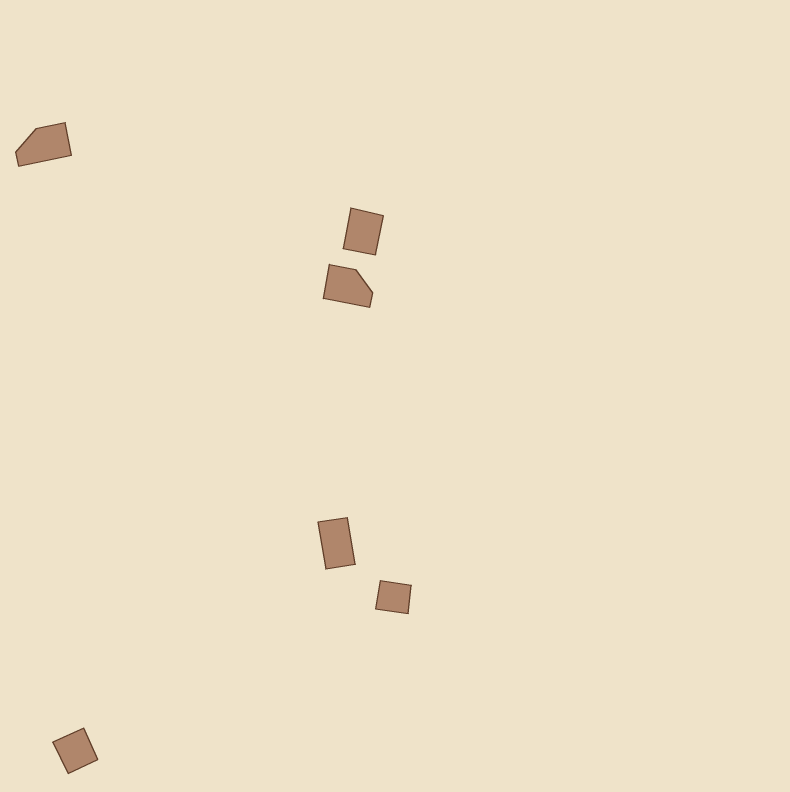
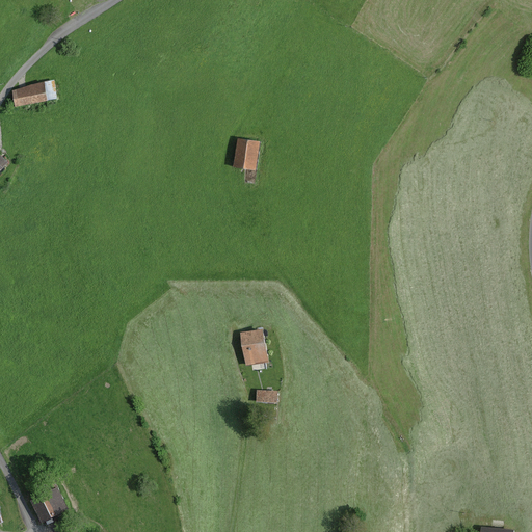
building: [323,264,373,307] -> none
building: [318,518,355,569] -> [241,328,266,363]

